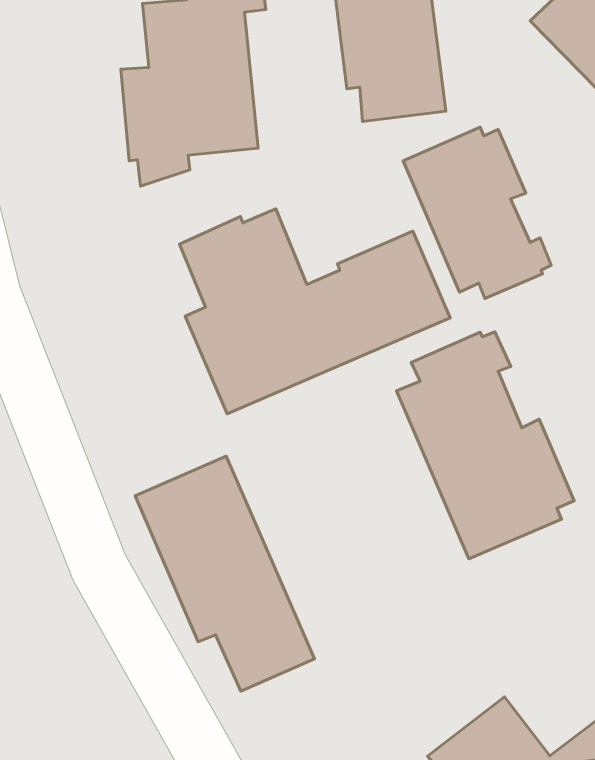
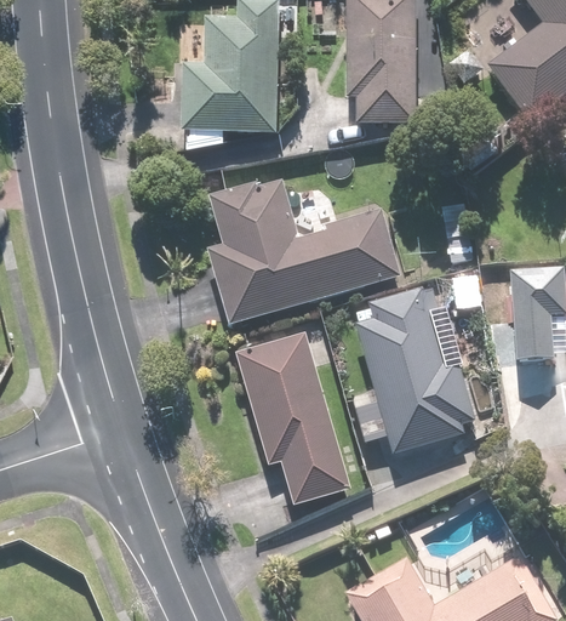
building: [403,127,551,298] -> none
building: [135,456,315,691] -> [235,331,351,505]

